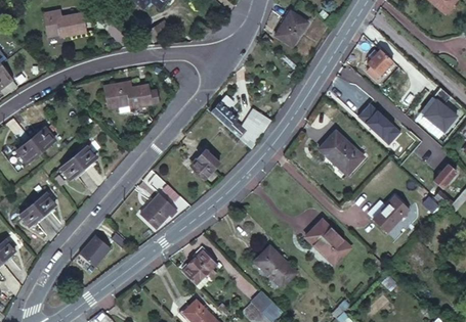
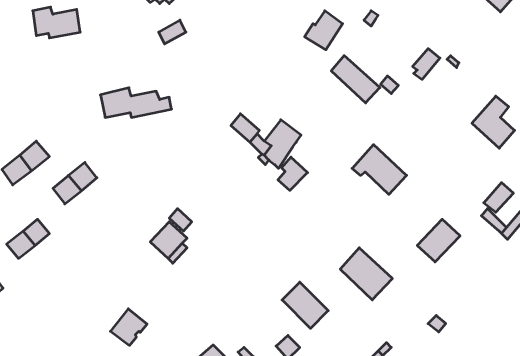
building: [359,103,401,144] -> [331,56,380,103]
building: [194,148,219,177] -> [278,157,308,190]
building: [80,237,112,269] -> [110,309,147,345]
building: [182,249,216,285] -> none

